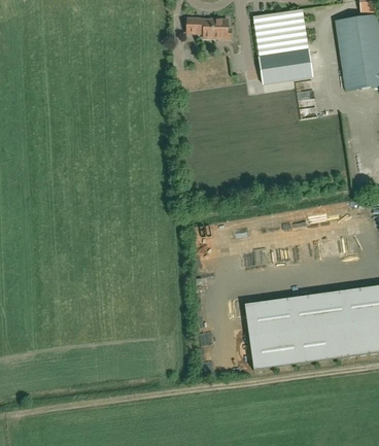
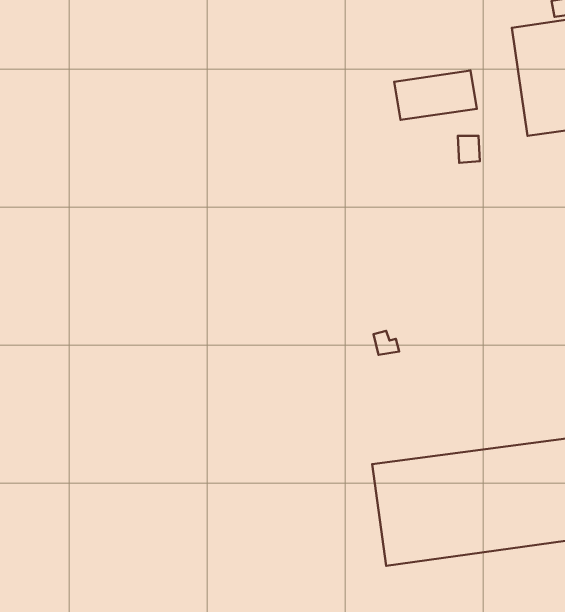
building: [253,8,308,56] -> none
building: [186,18,231,39] -> none

